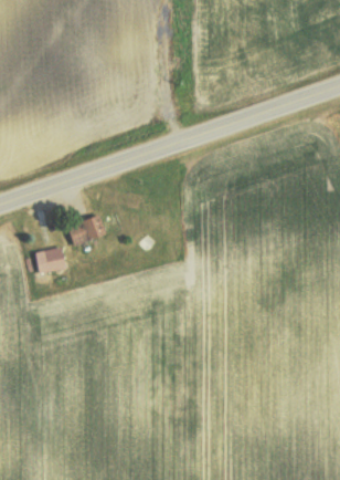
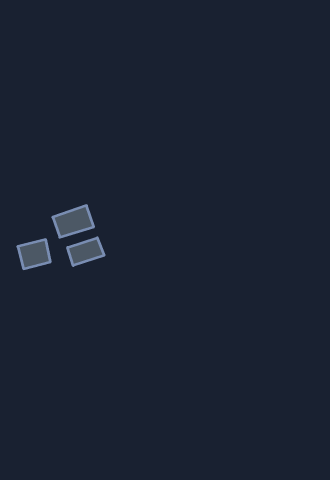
building: none -> [68,238,104,266]

